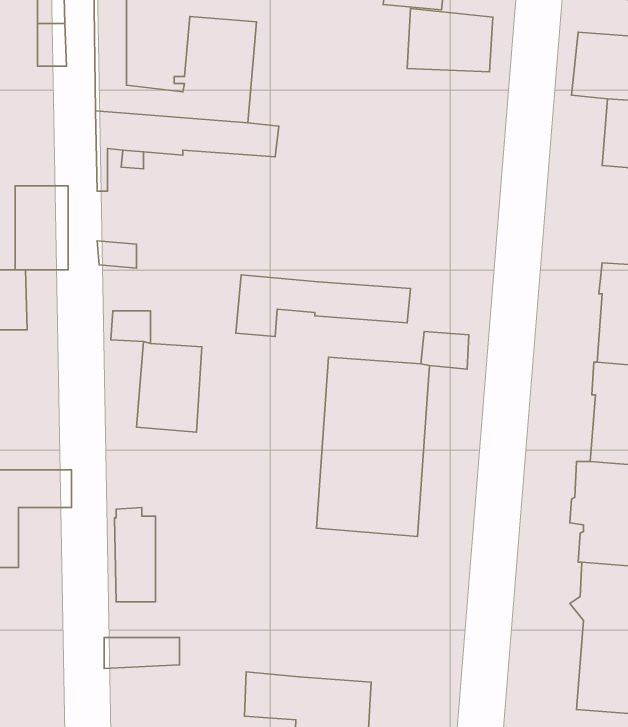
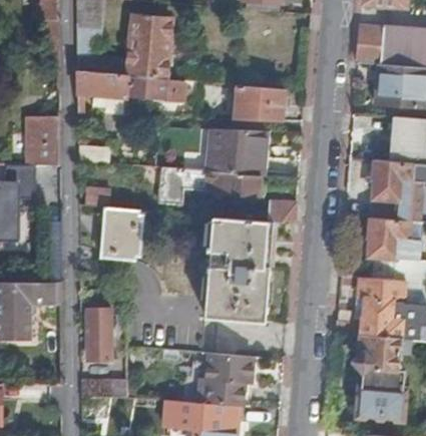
building: [407,8,493,72] -> [235,84,285,121]
building: none -> [206,128,265,175]
building: none -> [195,353,259,406]

